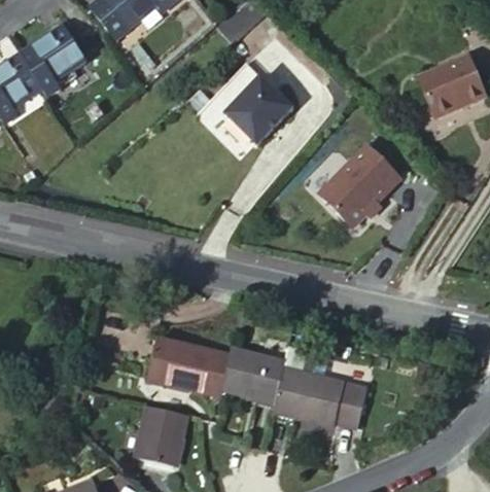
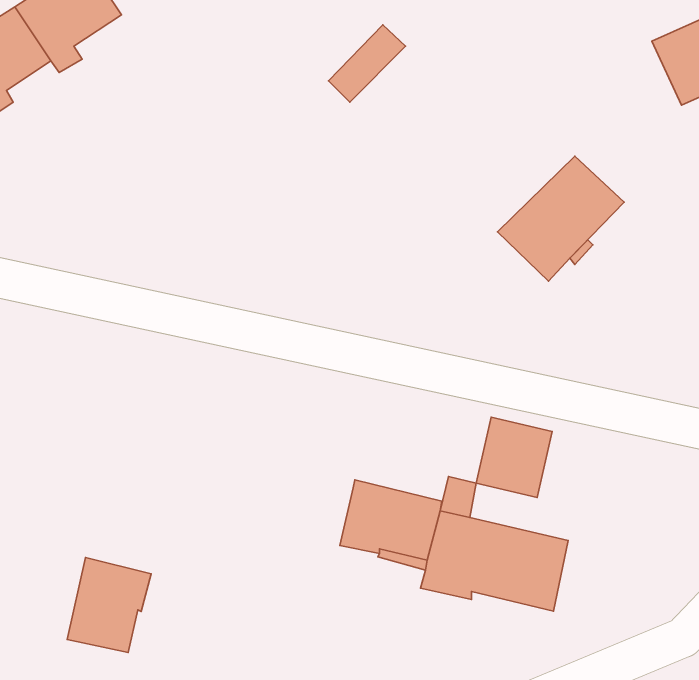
building: [227,78,293,144] -> none
building: none -> [476,417,552,497]
building: [148,339,230,401] -> none
building: [135,405,187,464] -> [67,557,151,653]

